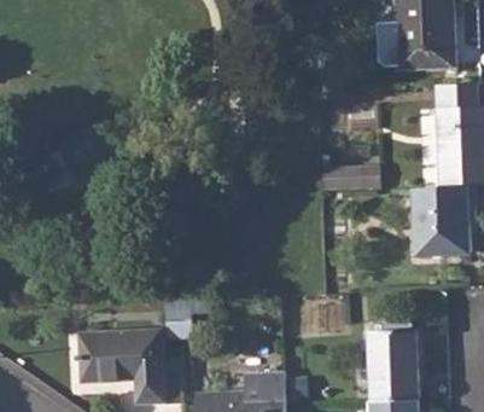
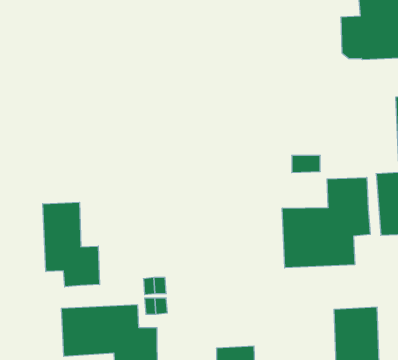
building: none -> [282,177,370,268]
building: none -> [43,202,100,287]

